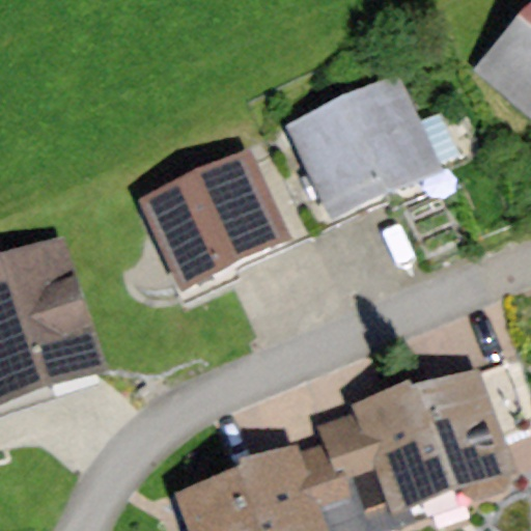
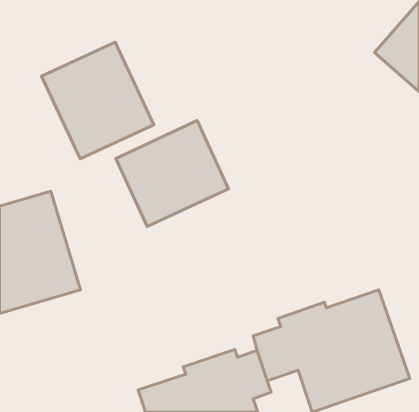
building: none -> [41,42,154,159]
building: [289,74,443,224] -> none

